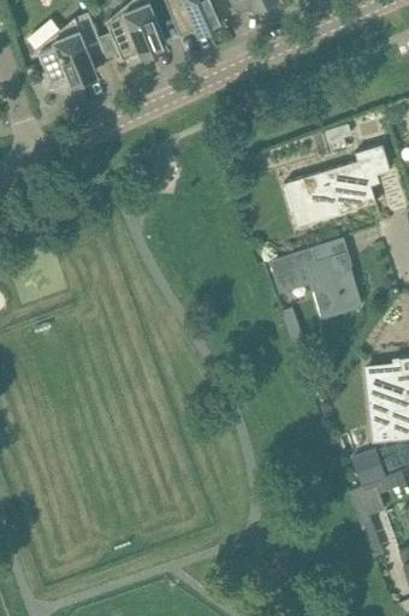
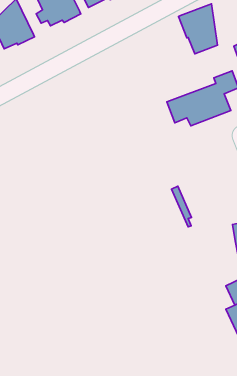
building: none -> [178,4,217,54]
building: [271,249,361,315] -> none

